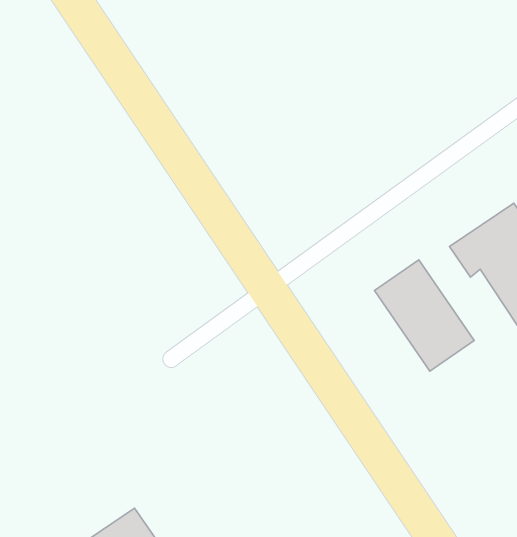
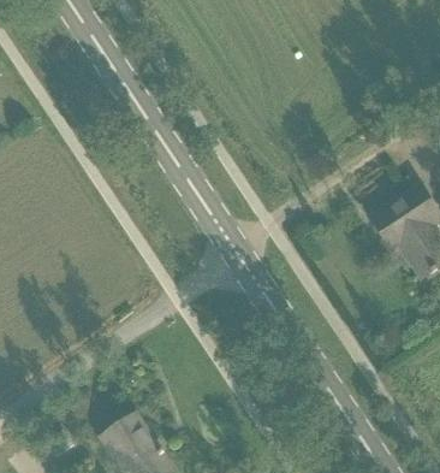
building: [375,260,474,371] -> none

